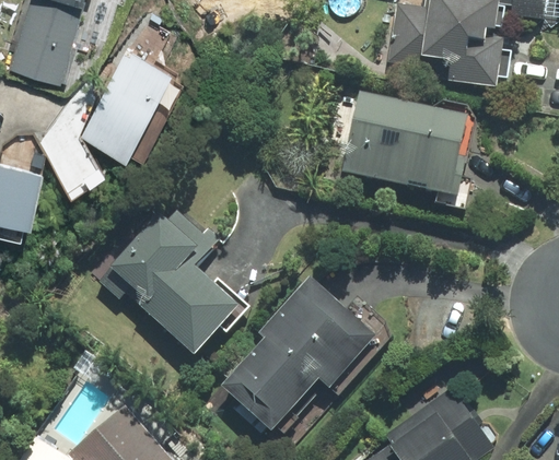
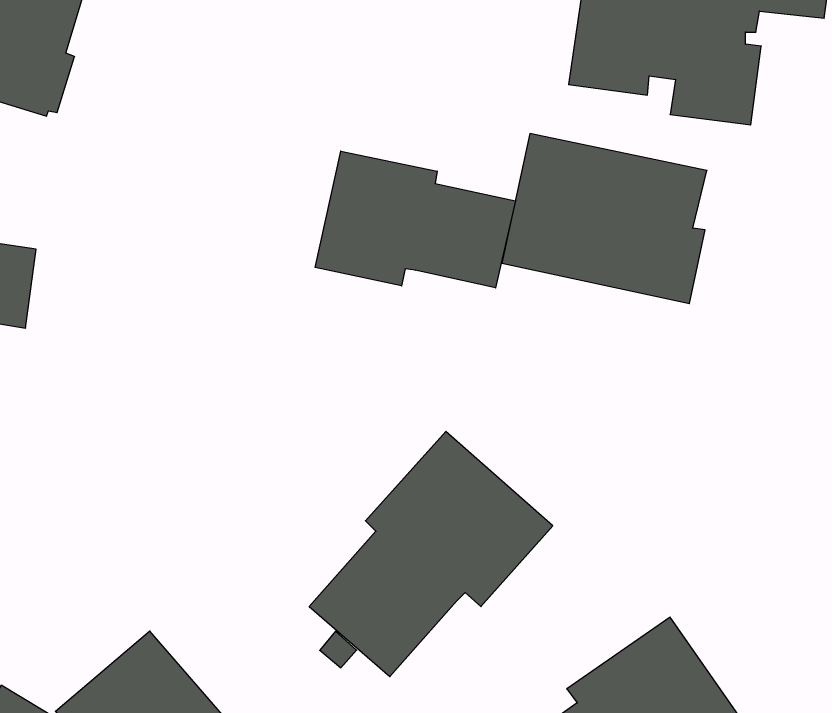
building: [83,40,187,153] -> none
building: none -> [315,151,515,288]
building: [95,209,238,354] -> none

